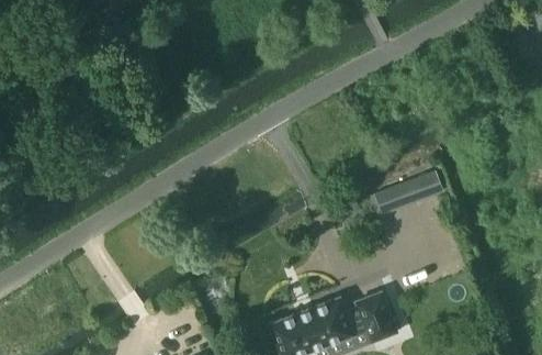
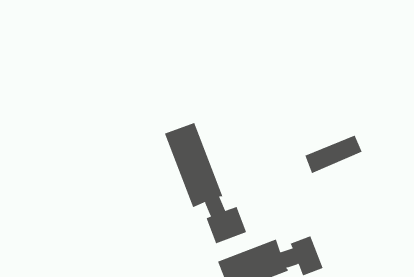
building: none -> [164,122,247,244]

